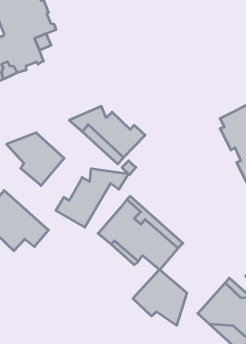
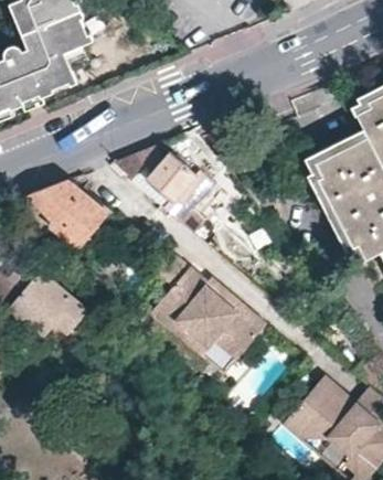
building: [56,169,128,227] -> none
building: [133,269,187,325] -> none

